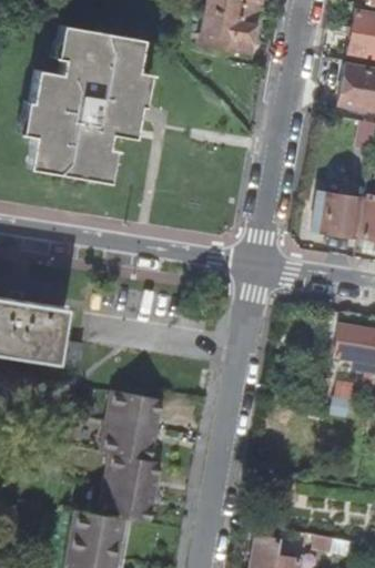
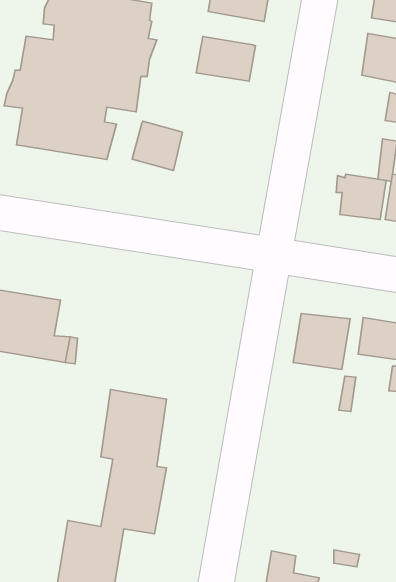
building: none -> [196,36,256,81]
building: none -> [132,121,183,171]
building: none -> [293,313,350,369]

